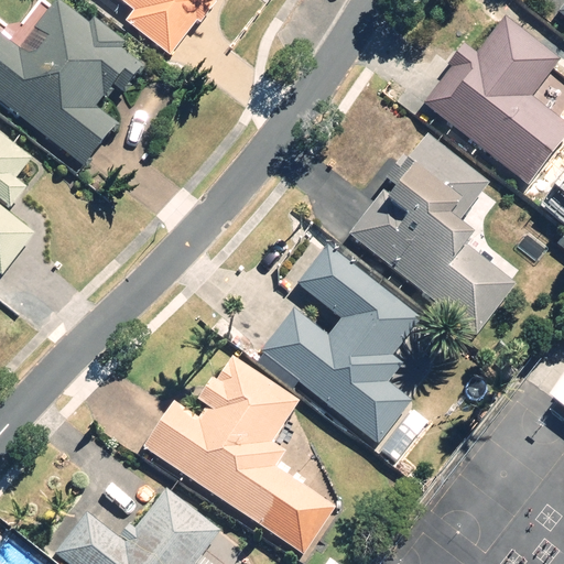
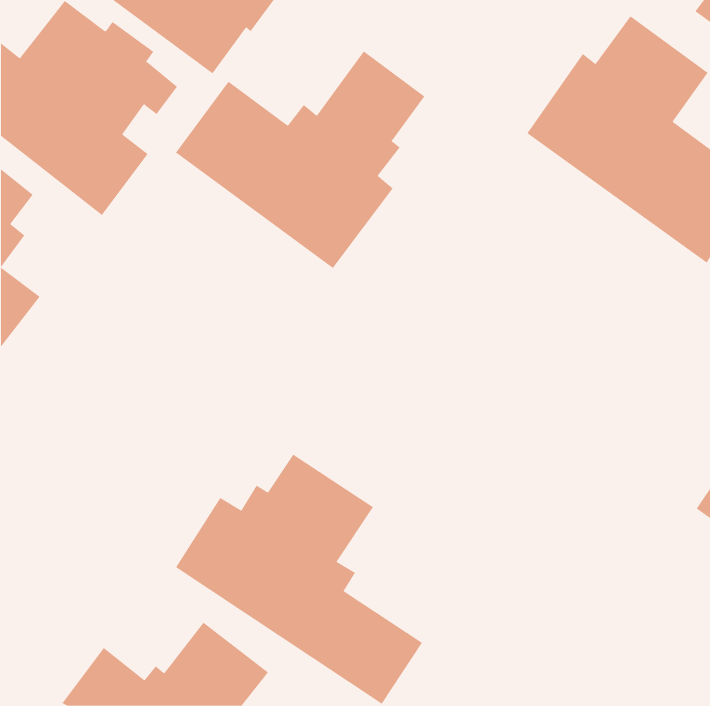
building: none -> [175,51,425,269]
building: [345,134,514,330] -> none
building: [260,235,424,457] -> none

